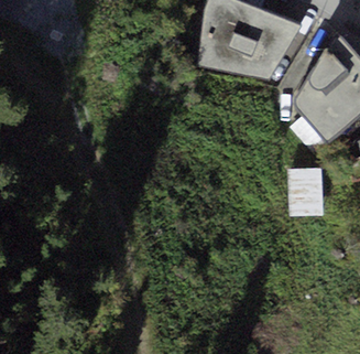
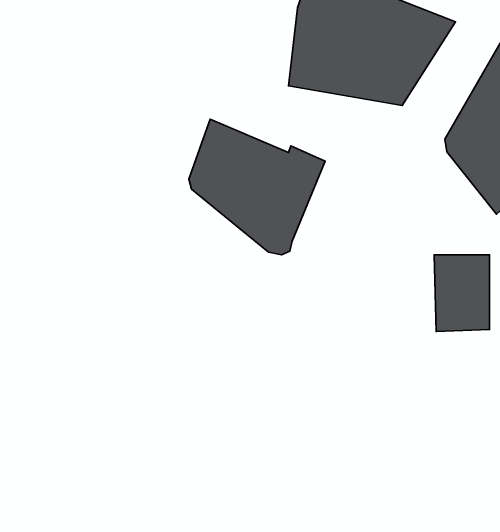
building: none -> [189,119,325,255]

